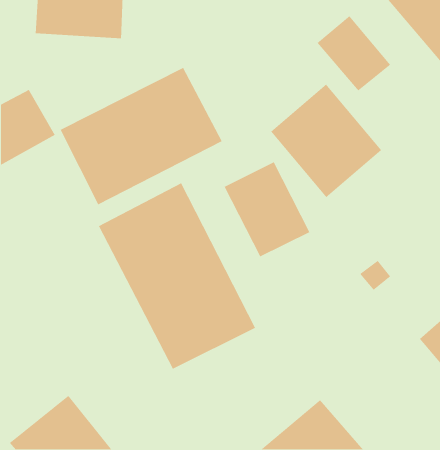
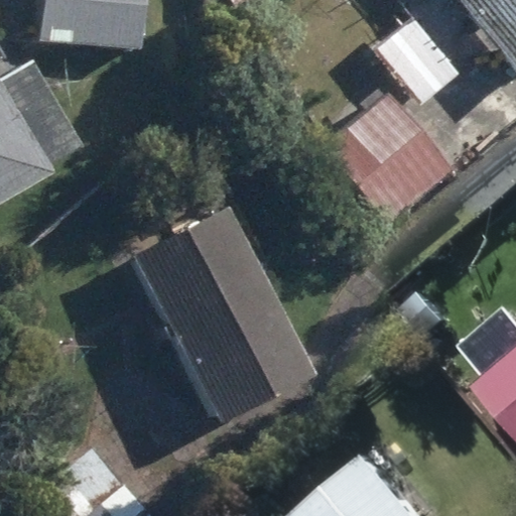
building: [60,67,223,206] -> none
building: [223,161,311,258] -> none

